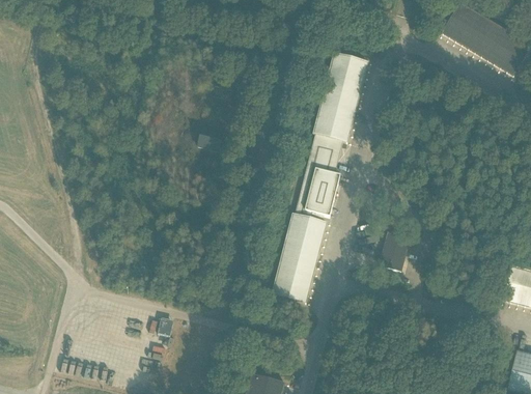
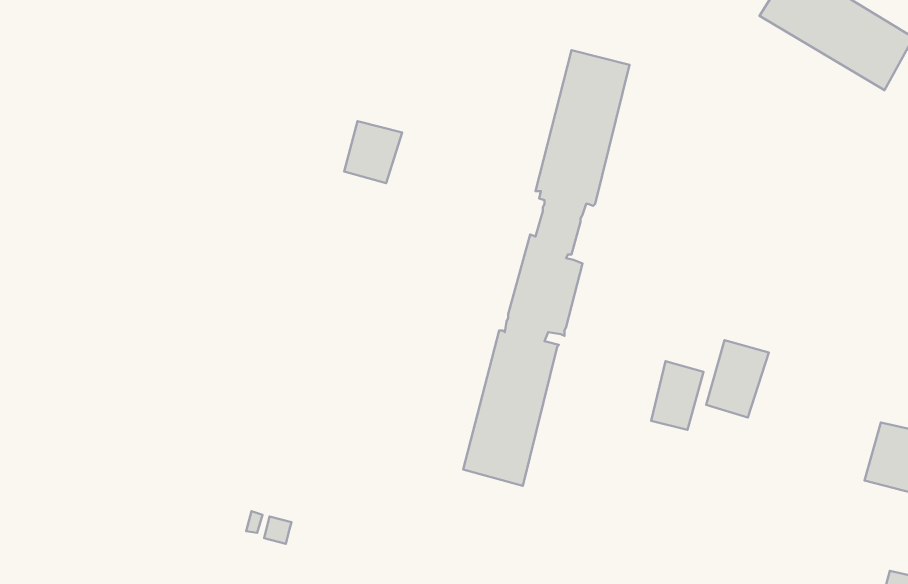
building: none -> [344,121,402,183]
building: none -> [706,340,769,418]

